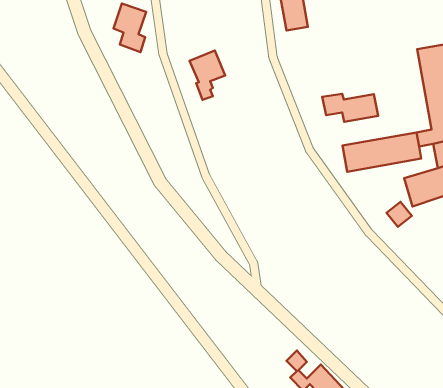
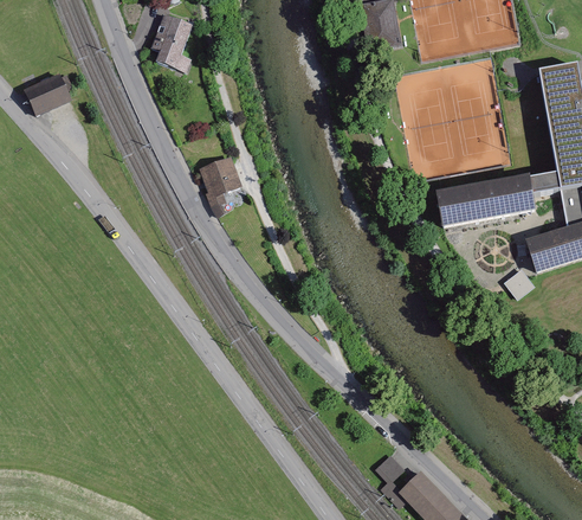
building: none -> [20,66,71,111]
building: [190,50,225,100] -> [203,155,248,218]
building: [322,94,378,122] -> none

